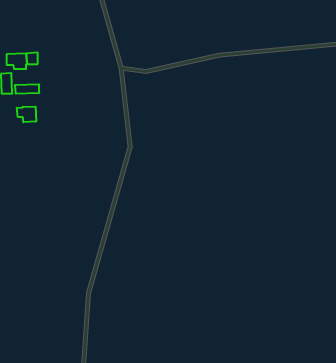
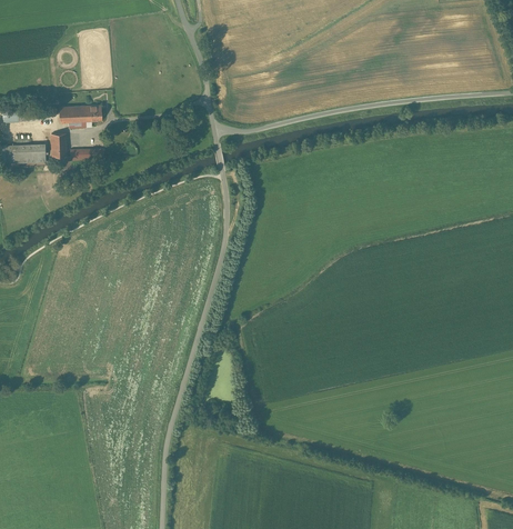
building: [17,107,36,122] -> none

